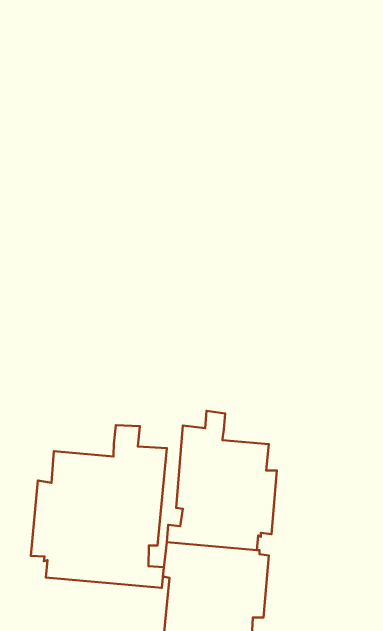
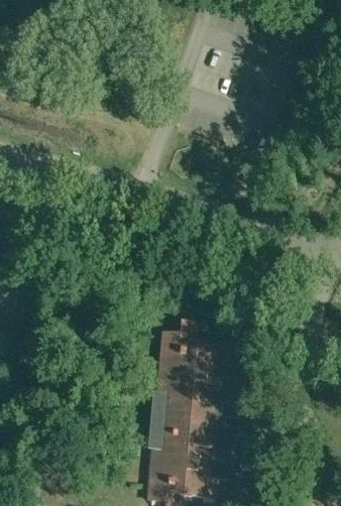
building: [31,425,167,588] -> none

